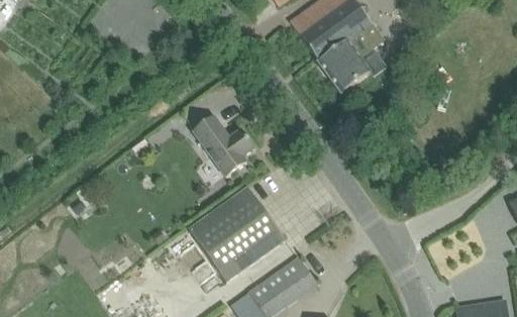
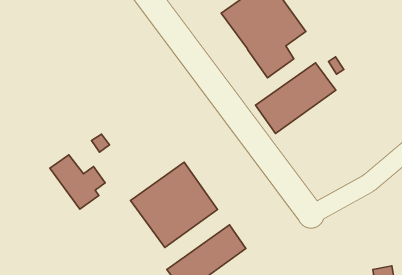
building: none -> [255,63,336,134]
building: [192,116,253,177] -> [50,155,105,209]

